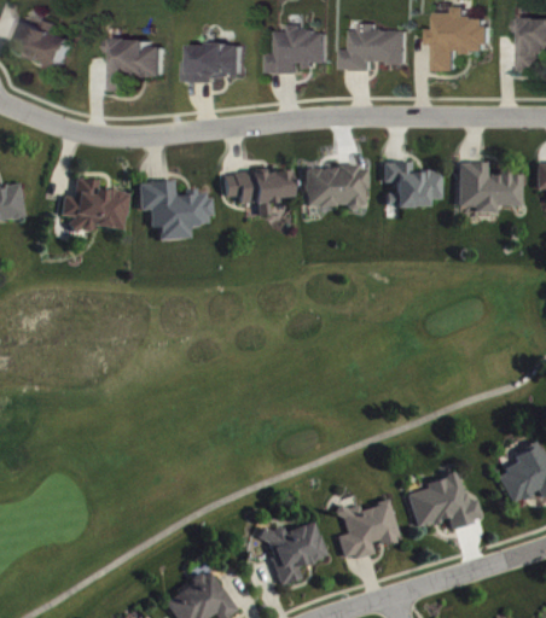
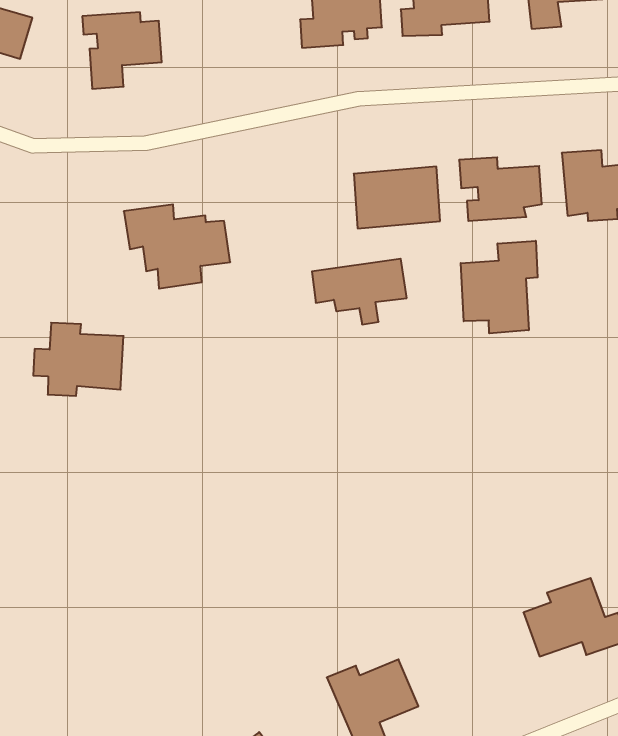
building: [192,43,248,81] -> none
building: [222,169,290,215] -> [312,259,407,324]
building: [59,177,127,232] -> [33,323,124,396]
building: none -> [461,241,538,333]
building: [335,497,397,560] -> none

